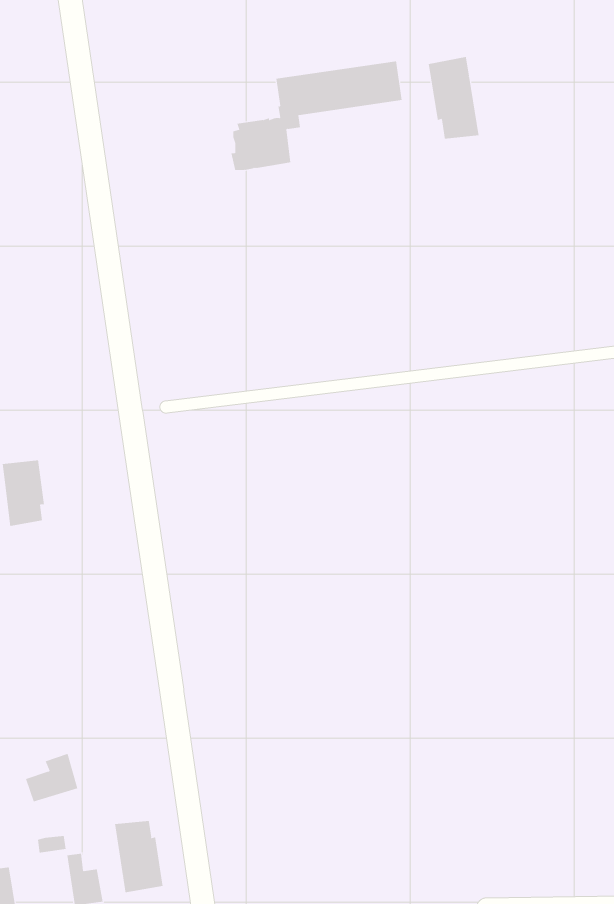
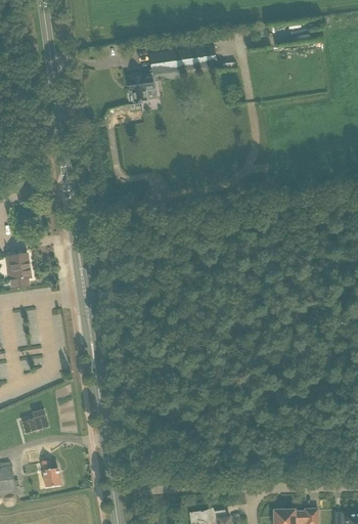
building: [428,56,479,140] -> none
building: [114,820,163,893] -> none

